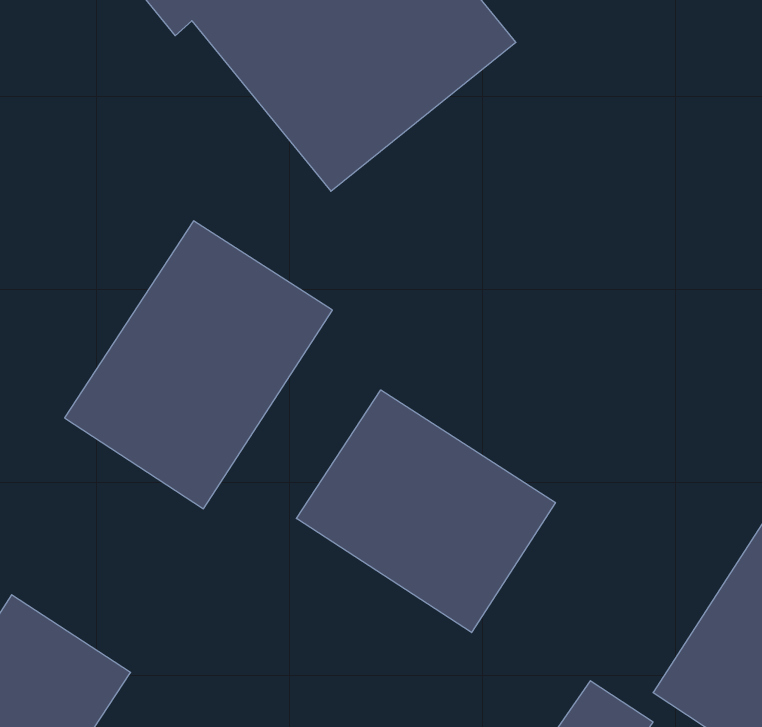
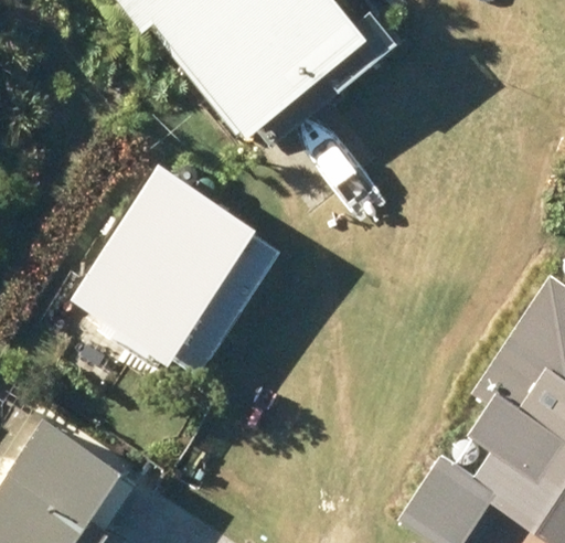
building: [296,390,555,633] -> none

